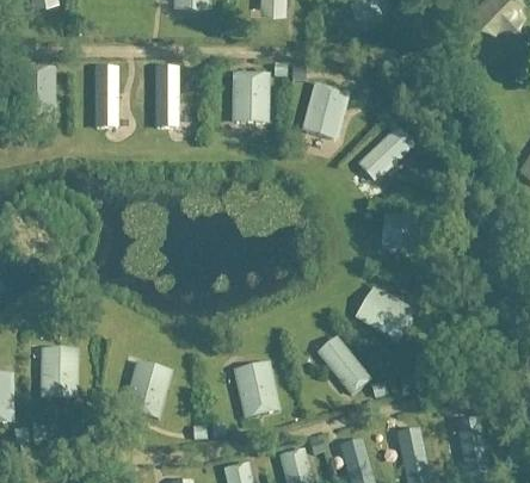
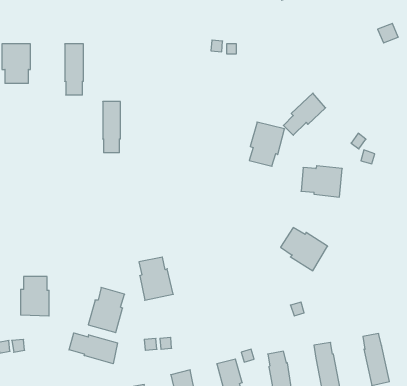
building: [155,66,177,128] -> [103,102,120,153]
building: [233,72,267,119] -> none
building: [304,82,347,136] -> [249,122,285,166]
building: [320,338,369,392] -> none
building: [236,363,278,415] -> [139,257,173,300]
building: none -> [69,333,118,364]

